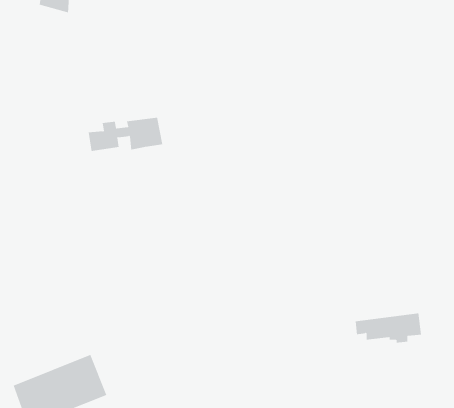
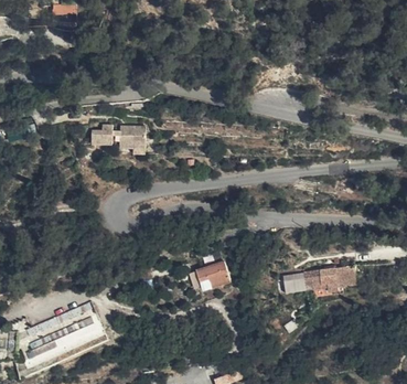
building: none -> [193,265,228,296]

